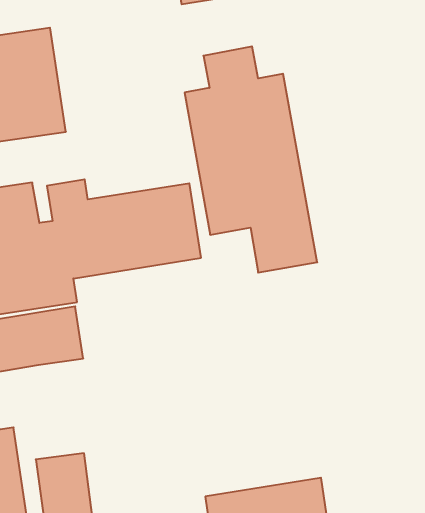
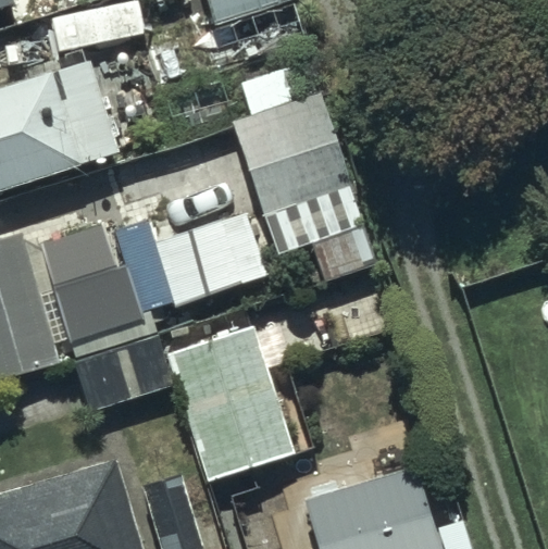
building: none -> [170,329,292,477]

